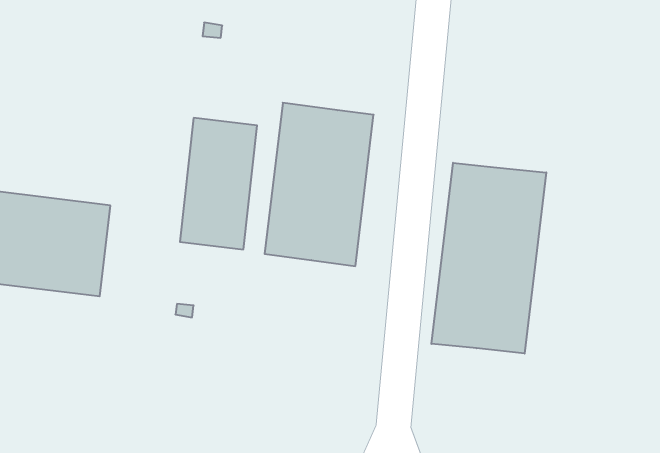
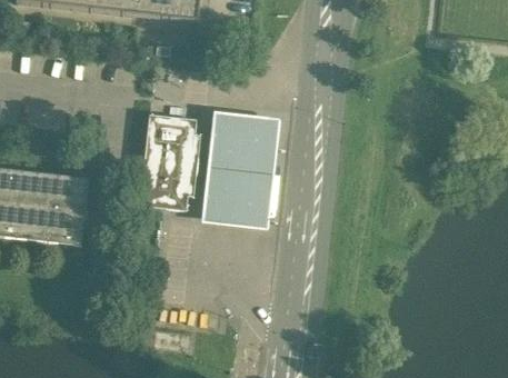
building: [431,163,546,354] -> none

